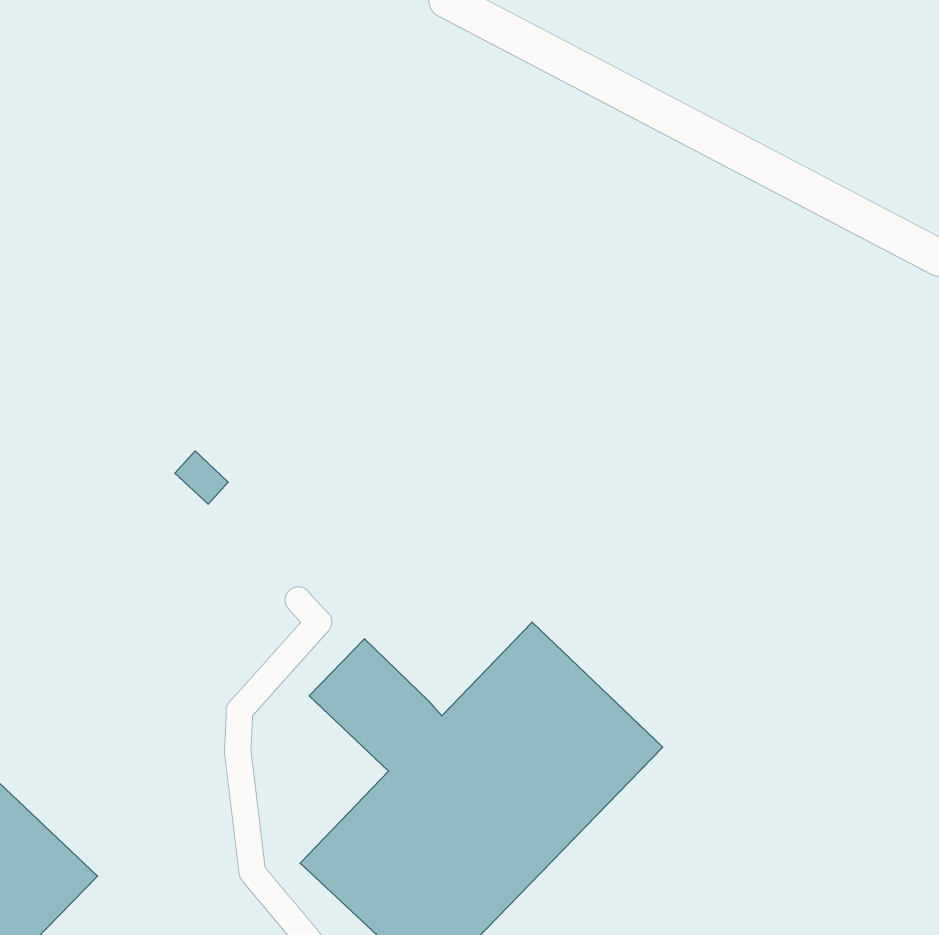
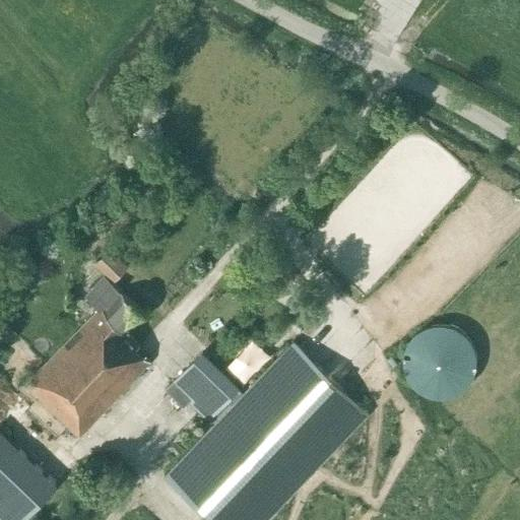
building: none -> [24,279,149,440]
building: none -> [402,325,475,398]

